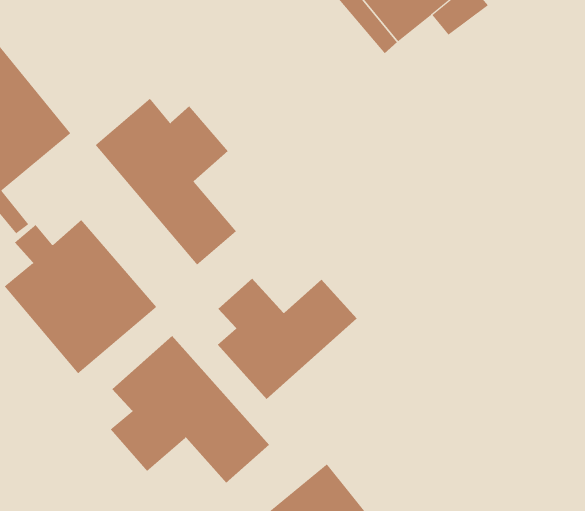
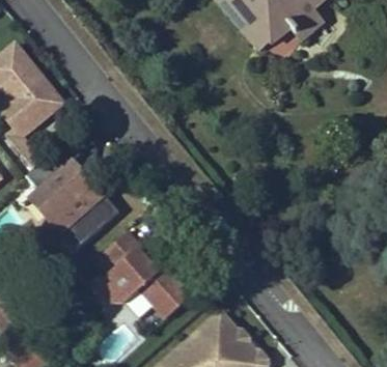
building: [95,98,237,265] -> none
building: [217,278,357,400] -> none

